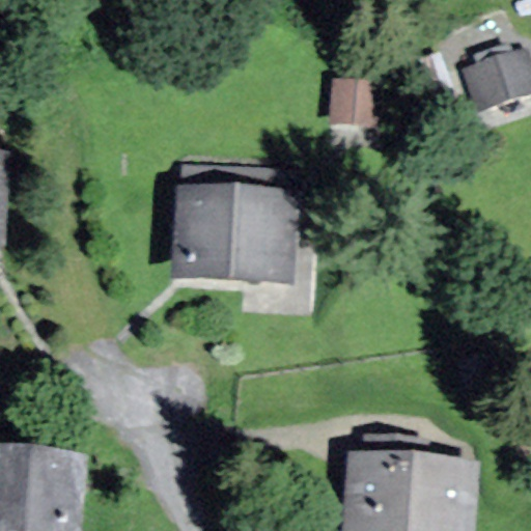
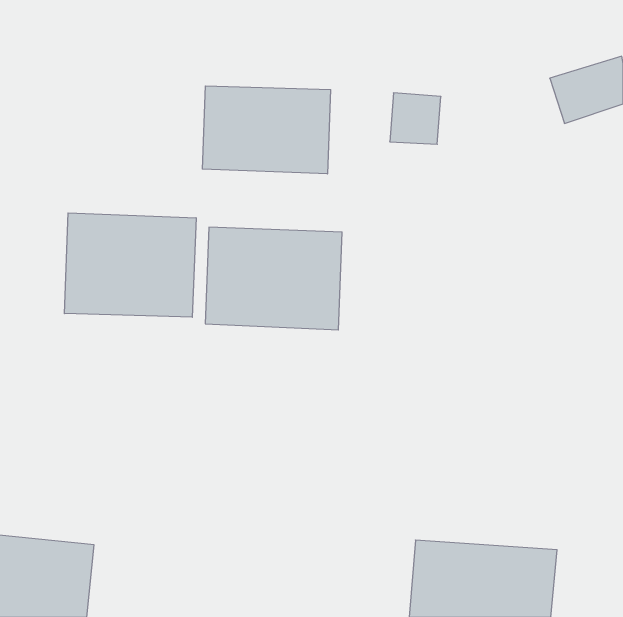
building: none -> [202,86,331,174]
building: none -> [64,213,196,317]

